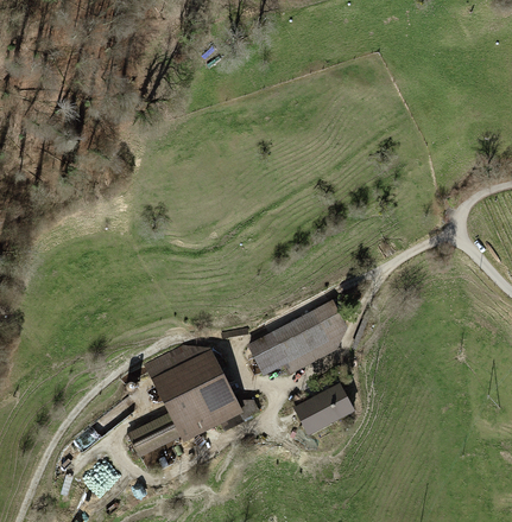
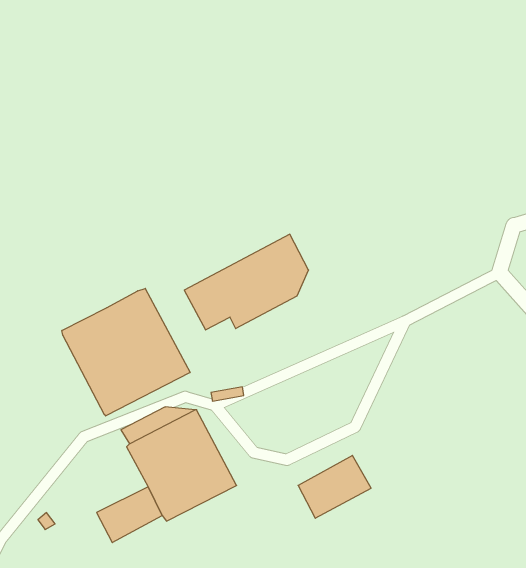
building: none -> [62,288,190,416]
building: [245,299,348,378] -> [184,234,309,330]

